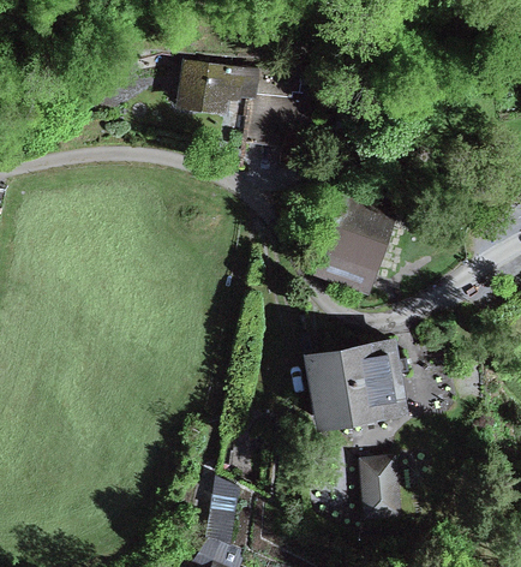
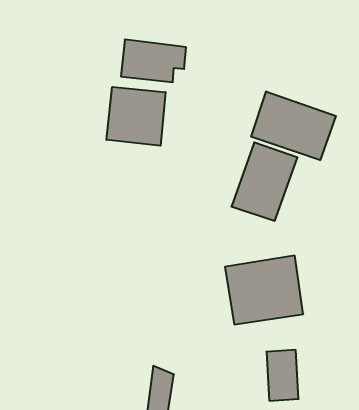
building: none -> [106,87,166,146]
building: none -> [251,91,336,160]

